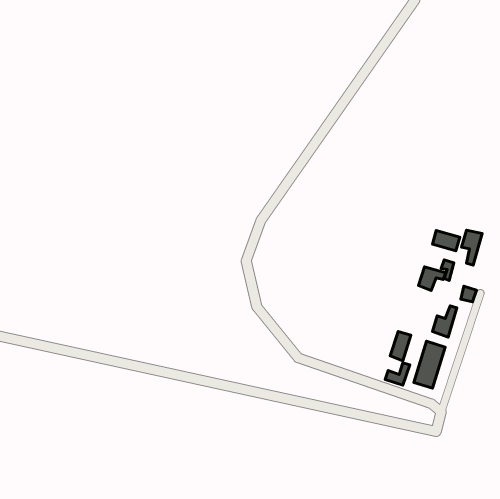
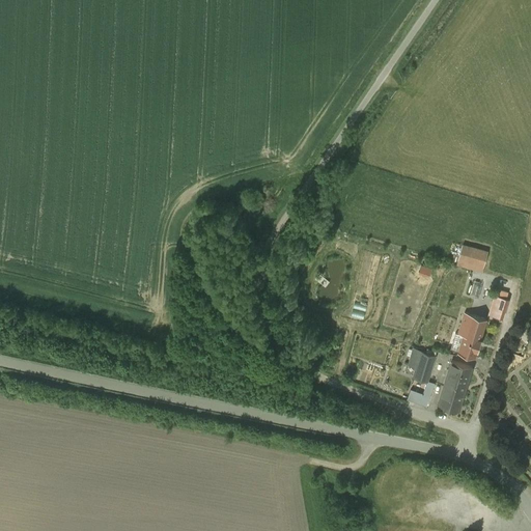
building: [462,230,482,265] -> none
building: [419,267,446,290] -> [457,314,486,339]

